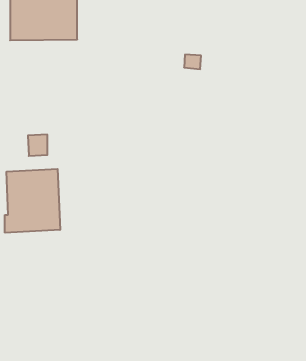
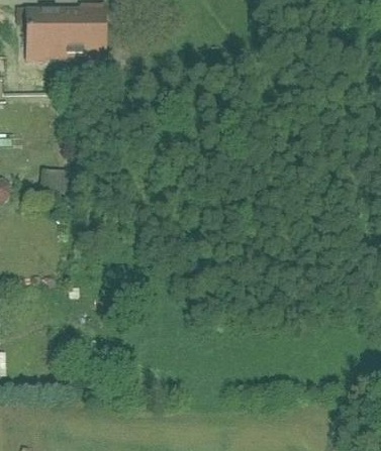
building: [5,169,60,233] -> none

